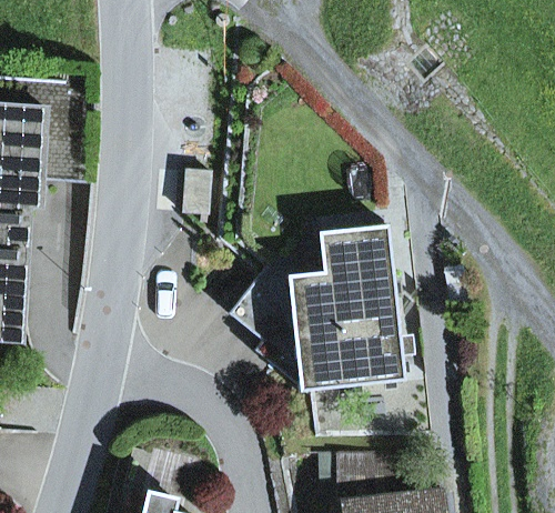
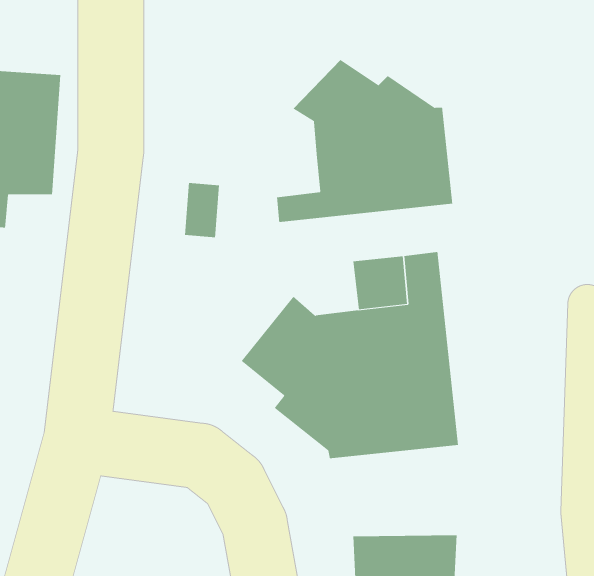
building: none -> [276,59,453,223]

